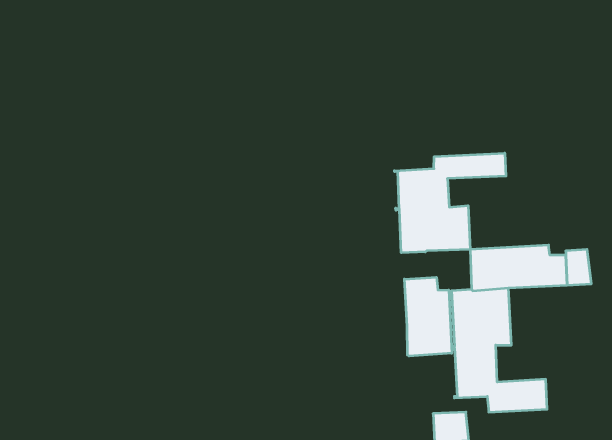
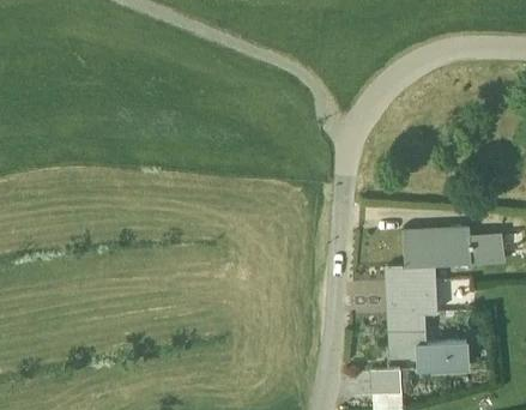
building: [394,153,506,253] -> none
building: [404,277,452,356] -> none

